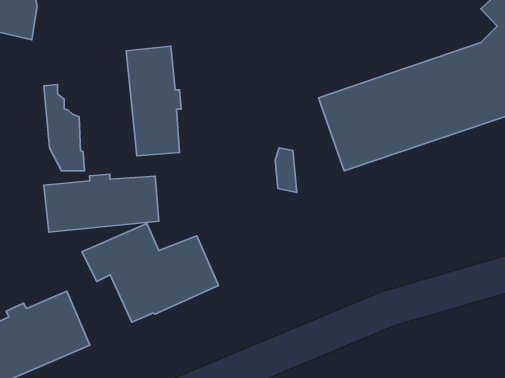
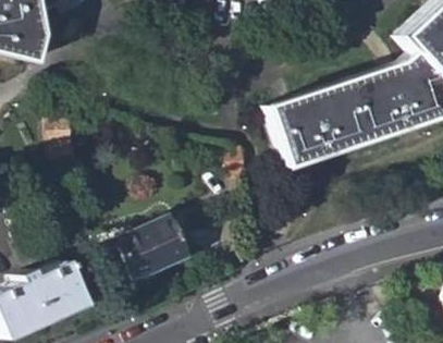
building: [126,46,181,156] -> none
building: [44,174,159,232] -> none

